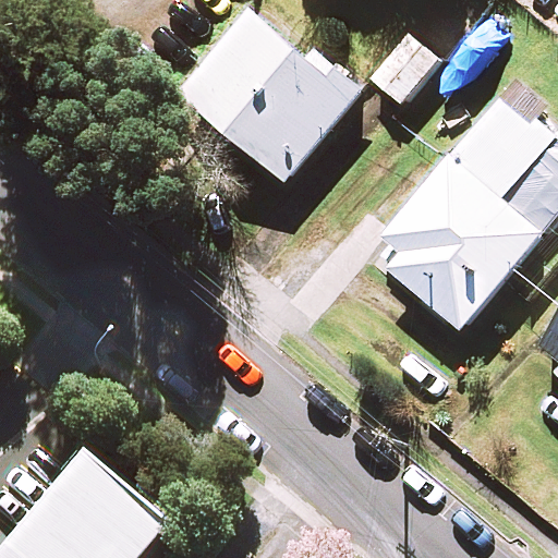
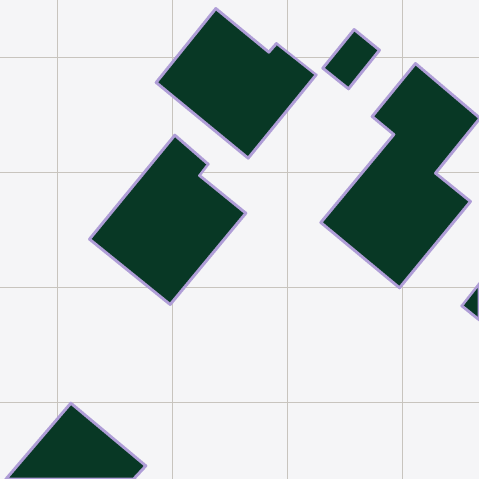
building: none -> [89,135,246,305]

